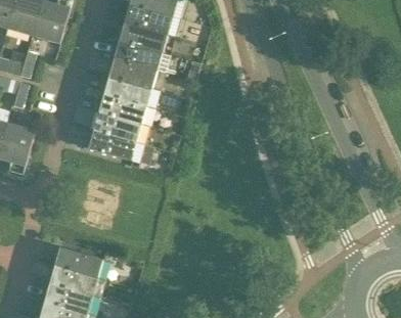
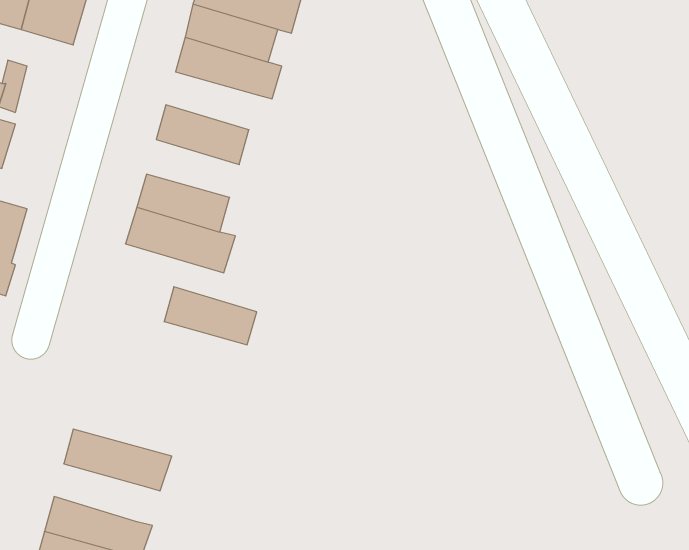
building: [108,56,158,87] -> none
building: [98,92,147,123] -> [164,287,257,345]
building: [49,264,98,294] -> none

